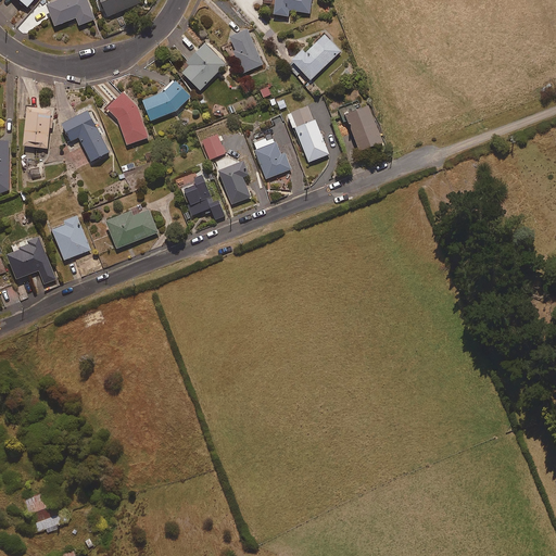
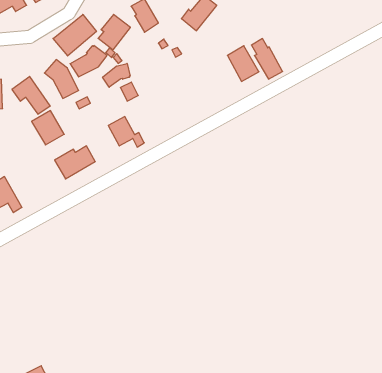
building: none -> [53,14,96,56]
building: [292,108,328,161] -> [251,39,283,79]
building: none -> [103,63,130,87]
building: [252,137,291,178] -> none
building: [217,162,250,203] -> none
building: [50,216,90,260] -> [32,111,64,145]

